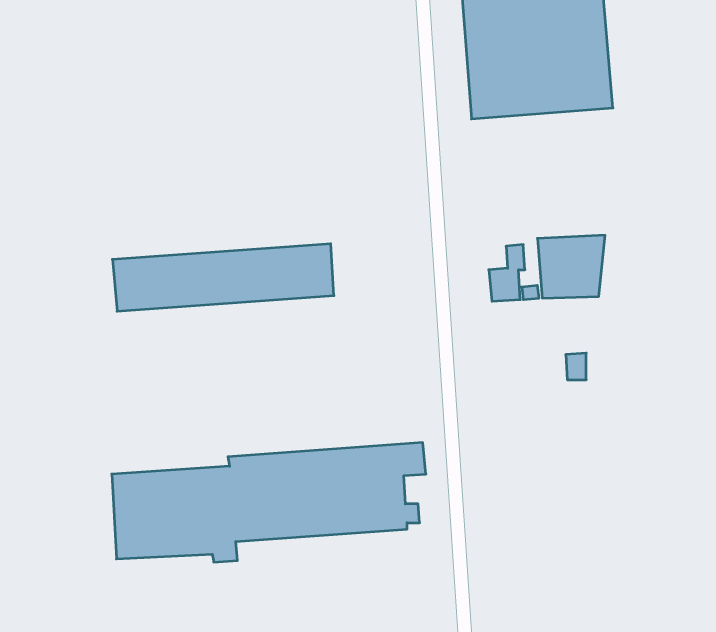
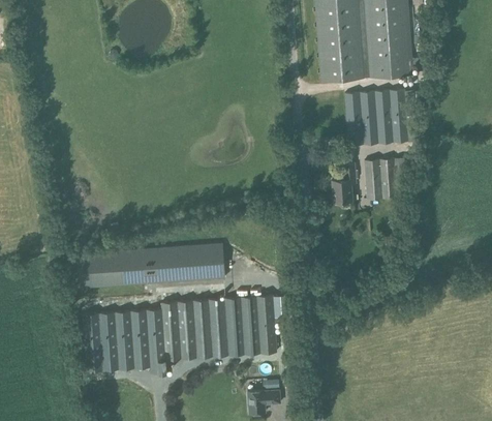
building: none -> [344,88,418,146]
building: [112,244,334,311] -> [79,243,224,288]
building: none -> [247,388,280,412]

